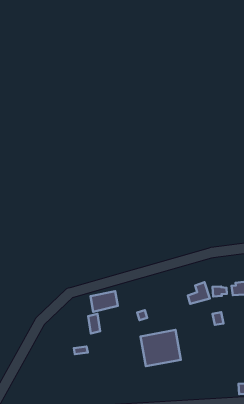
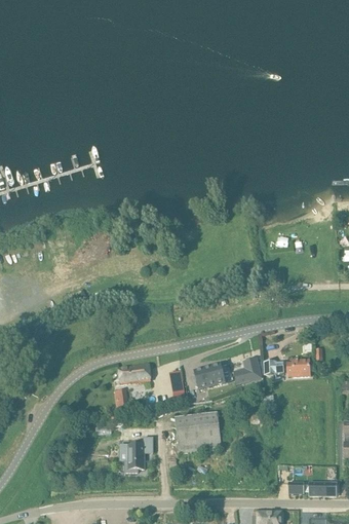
building: none -> [195,364,224,387]
building: none -> [119,437,153,473]

